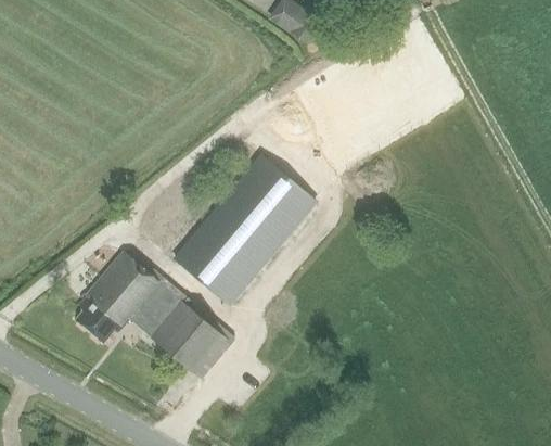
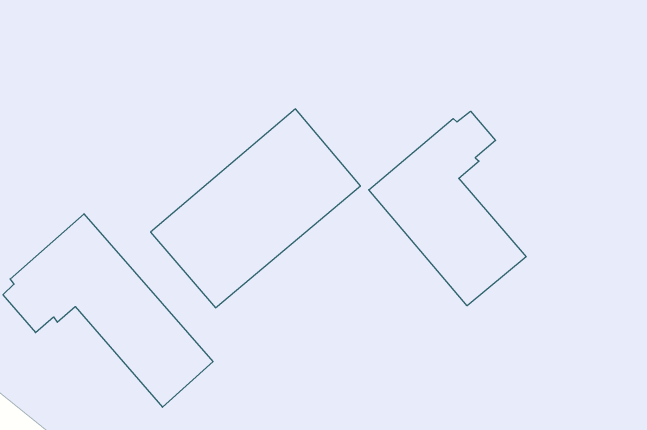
building: none -> [369,111,526,306]

